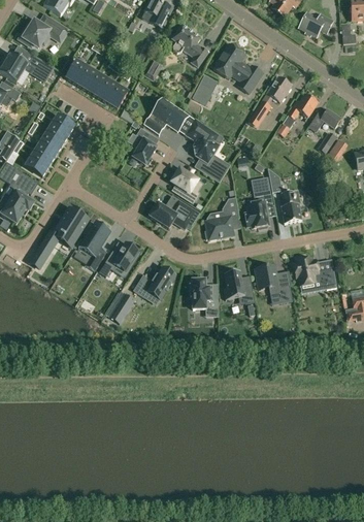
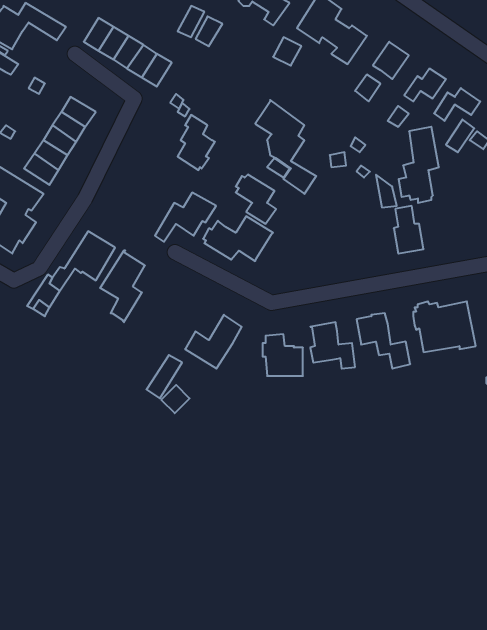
building: [145,98,195,135] -> none
building: [244,177,272,230] -> [399,127,439,203]
building: [204,197,239,239] -> none
building: [99,242,141,276] -> [155,193,216,242]

